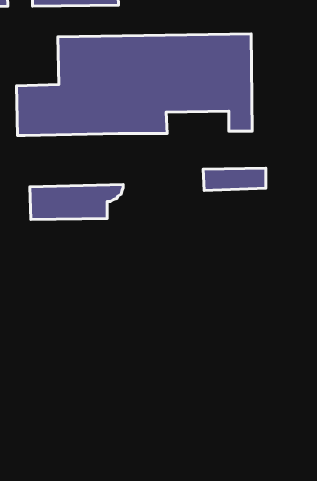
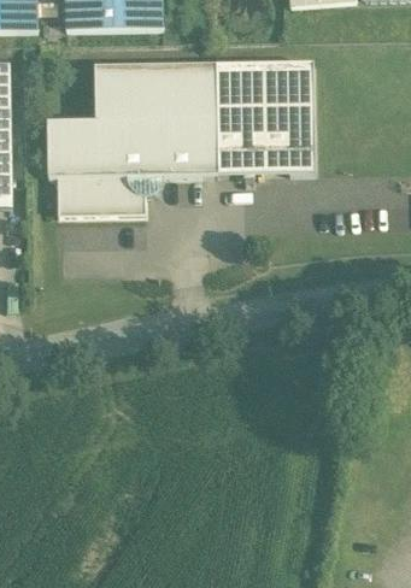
building: [203,168,266,190] -> [217,149,288,175]
building: [30,185,123,220] -> [57,175,163,214]

